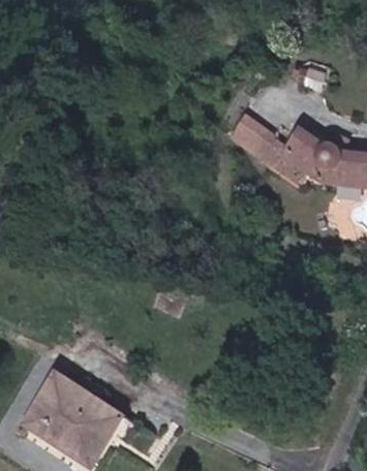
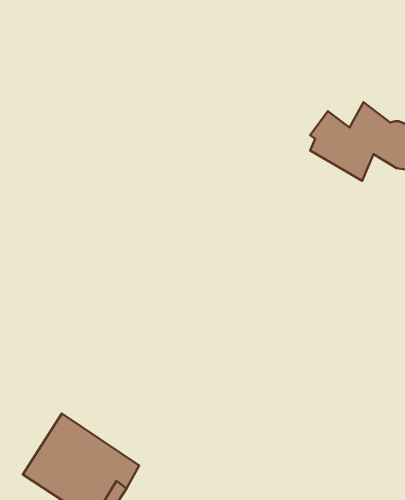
building: [230,108,273,150] -> none

